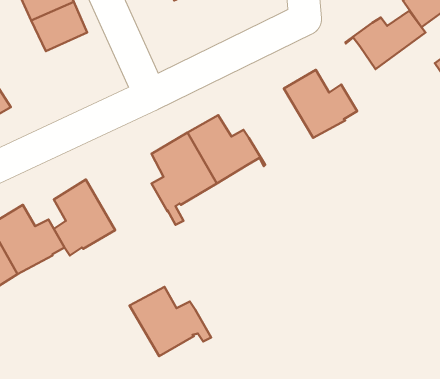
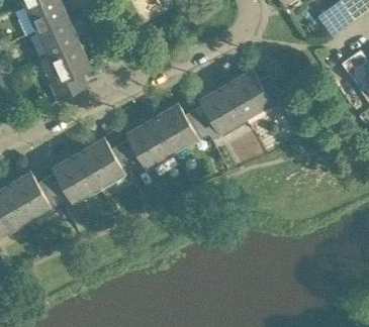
building: [345,11,426,69] -> none
building: none -> [47,40,90,100]
building: none -> [199,83,249,140]
building: [130,287,211,356] -> [77,137,139,190]

